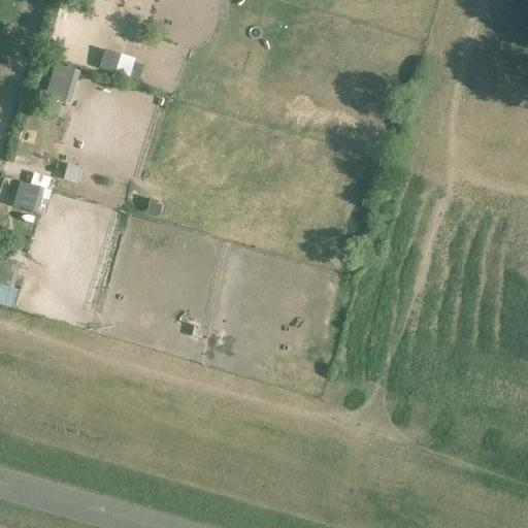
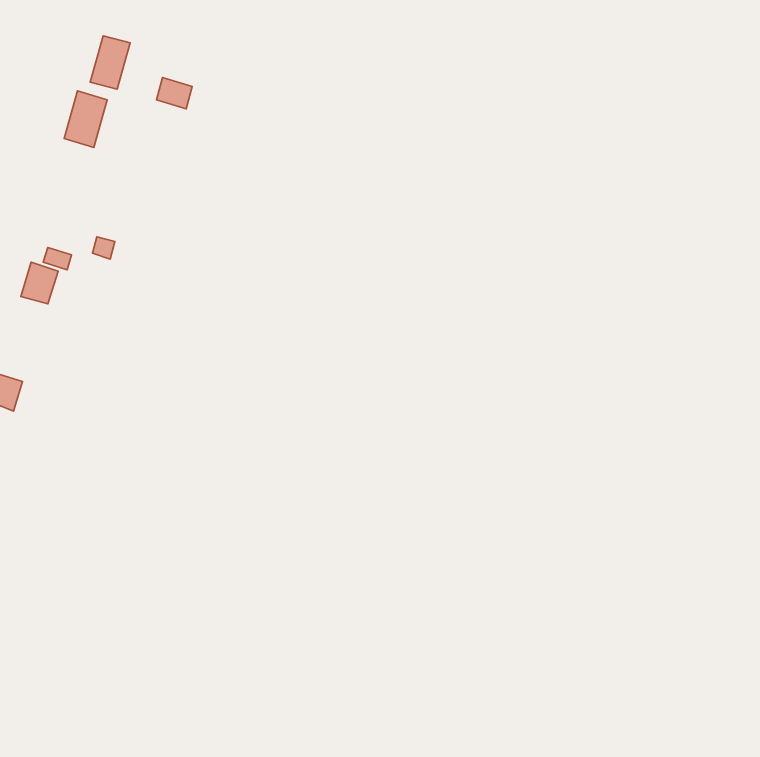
building: none -> [90,36,130,89]

